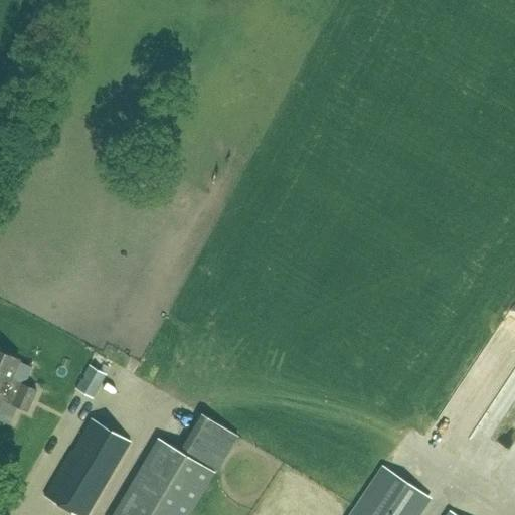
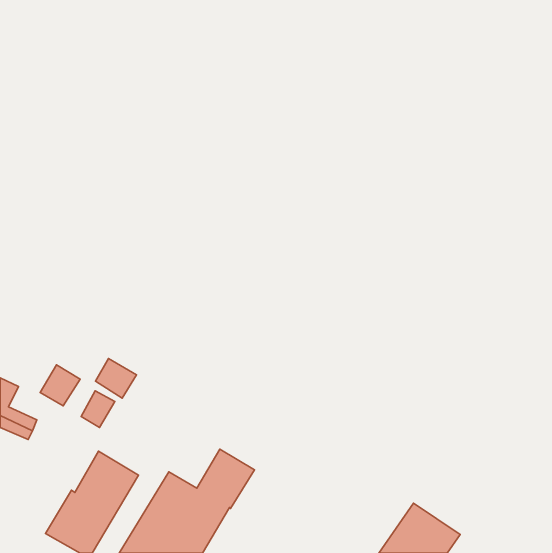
building: none -> [95,358,137,398]
building: none -> [40,365,80,406]

